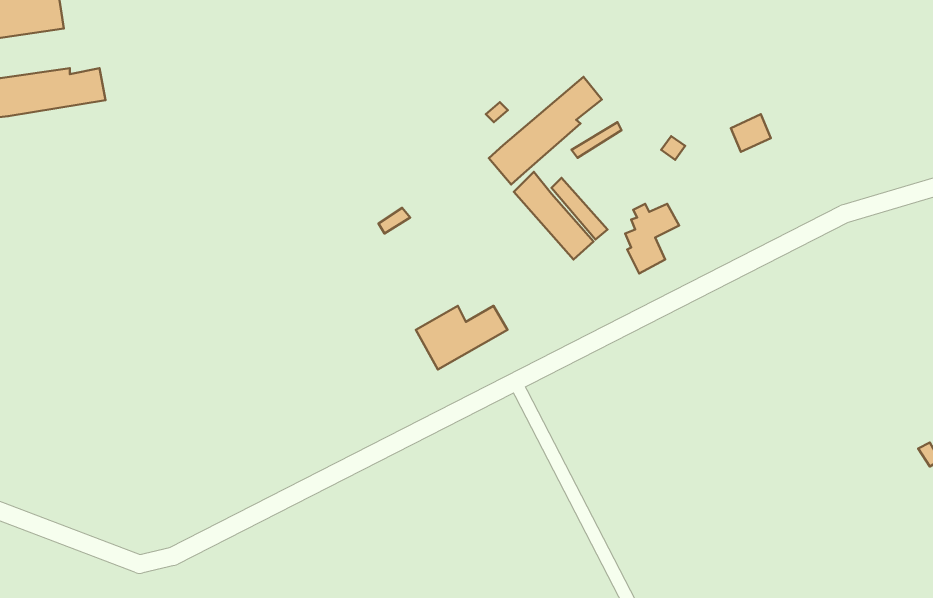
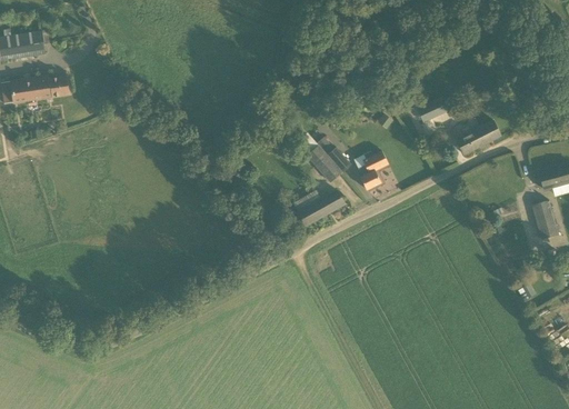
building: [489,77,602,185] -> none
building: none -> [456,120,501,154]
building: [416,306,508,370] -> [293,190,345,226]

